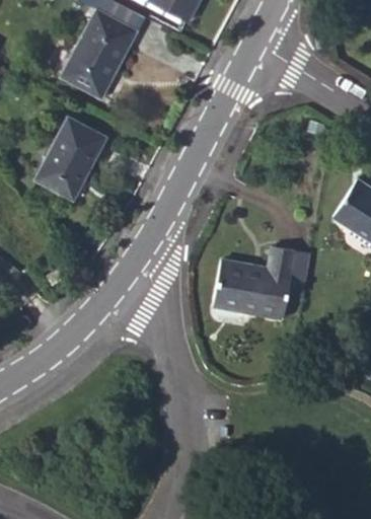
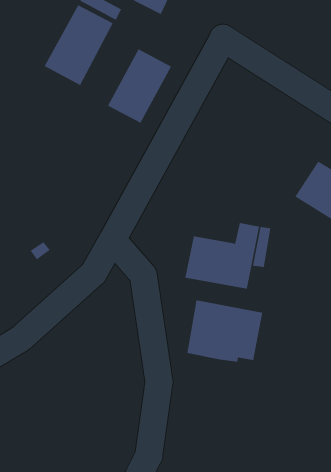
building: [36,118,106,199] -> [107,49,172,123]
building: none -> [187,300,263,363]

